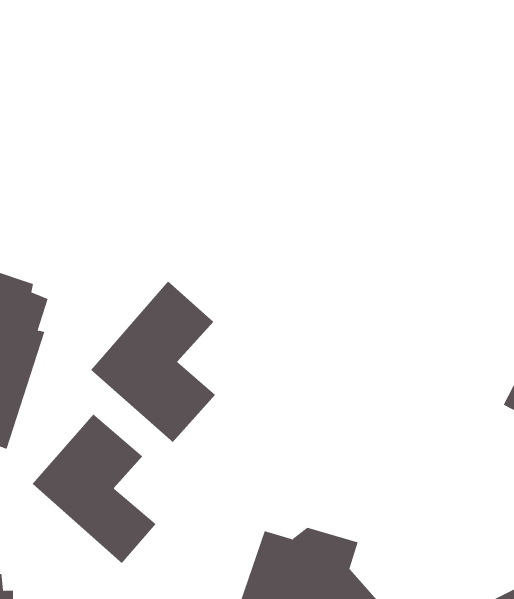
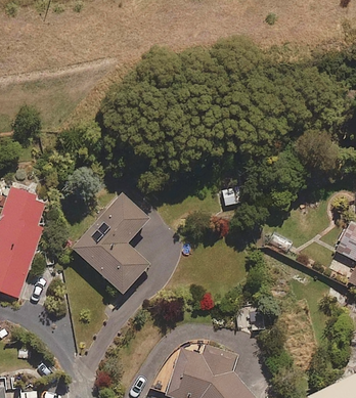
building: [32,413,156,564] -> none

